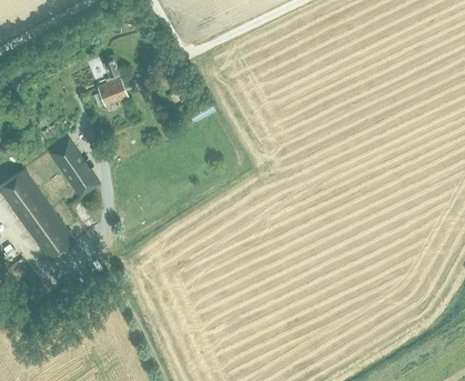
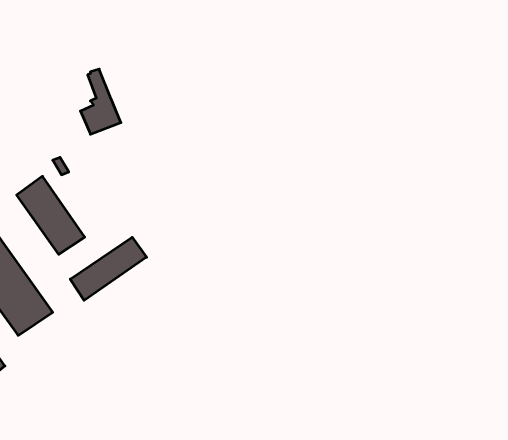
building: none -> [70,237,147,300]

